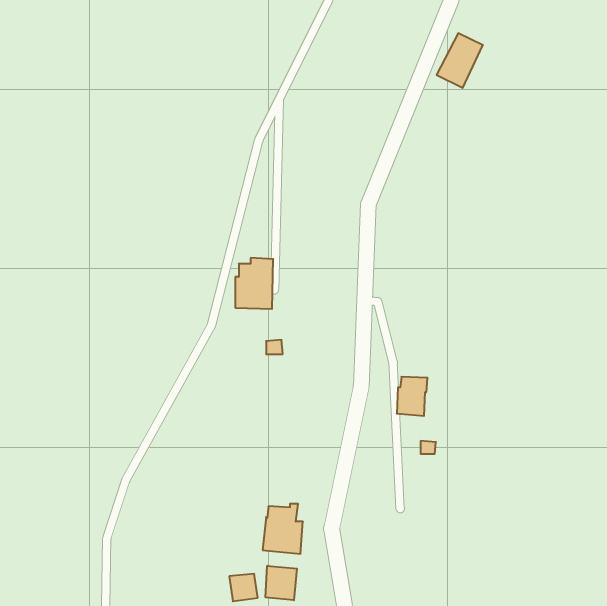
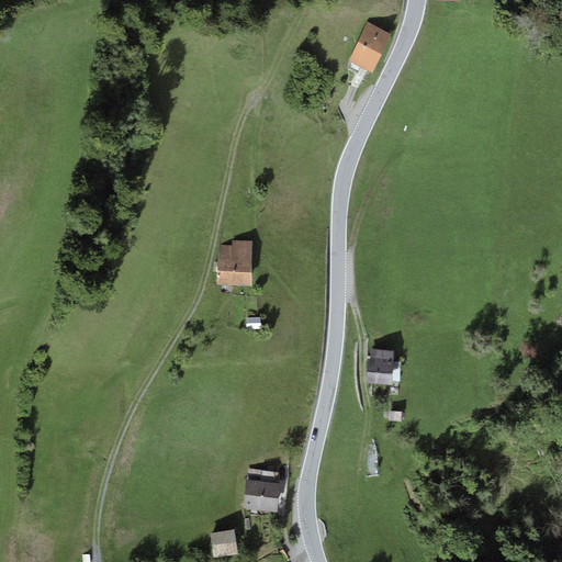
building: [437,33,483,88] -> [348,22,391,72]
building: [266,566,297,600] -> none

